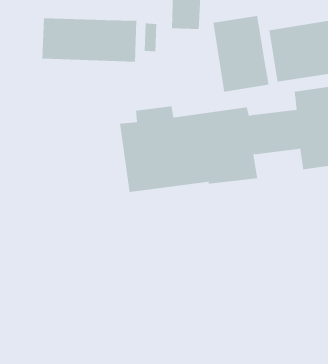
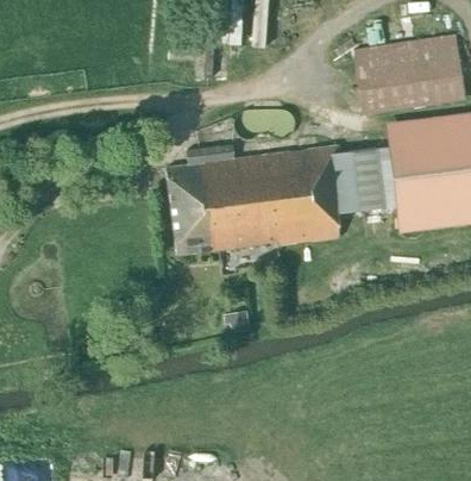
building: [213,15,269,92] -> none
building: [42,18,137,63] -> none

